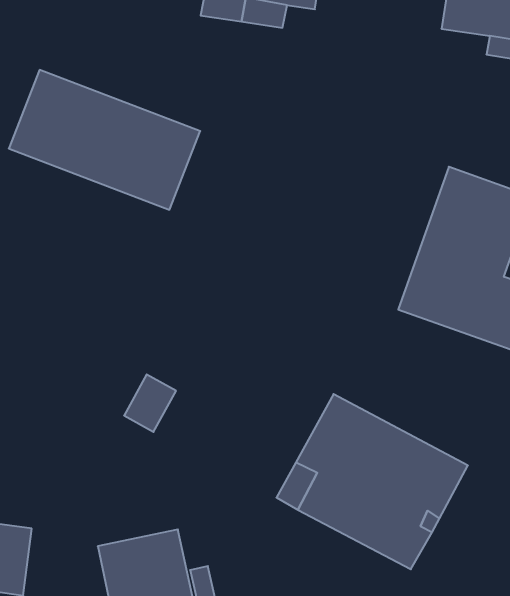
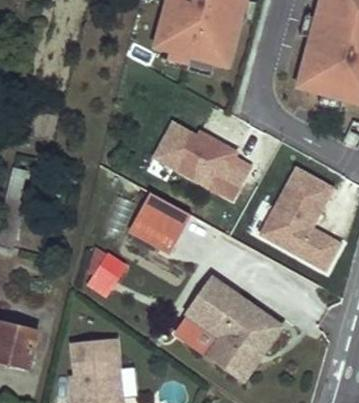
building: [9,70,200,210] -> [148,116,254,201]
building: none -> [128,192,189,251]

